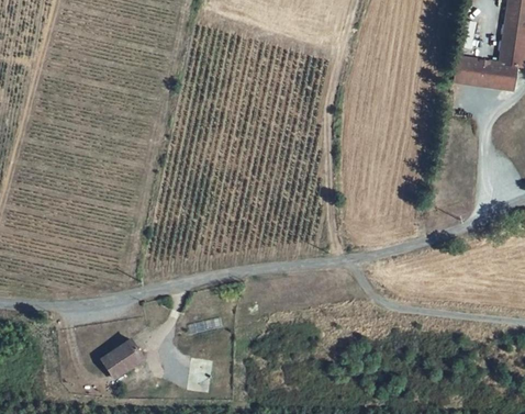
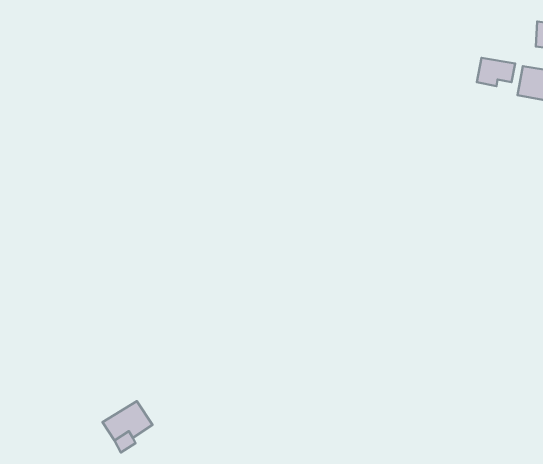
building: none -> [477,58,515,86]

